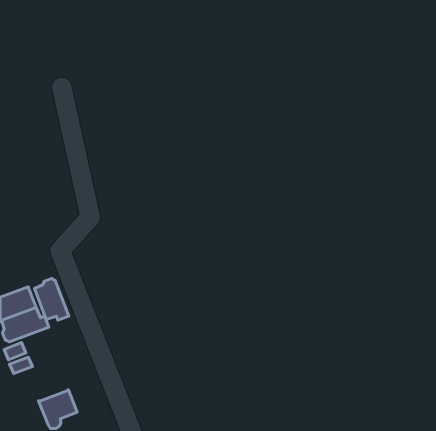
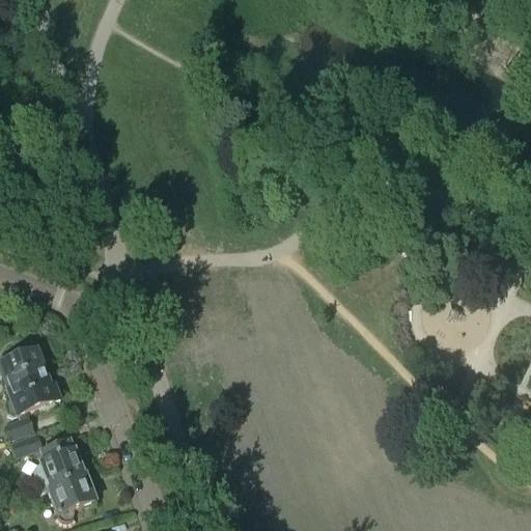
building: [34,279,69,320] -> none
building: none -> [34,437,85,487]

